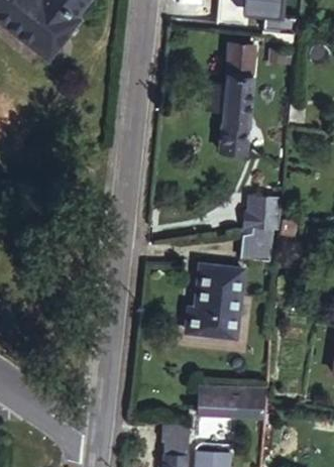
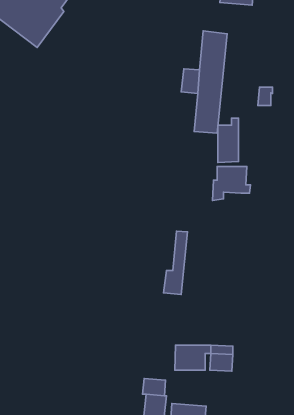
building: none -> [218,118,238,162]
building: [239,220,271,255] -> none
building: [206,263,243,336] -> none

